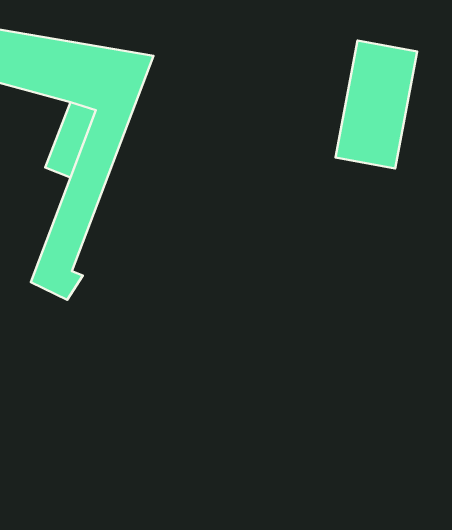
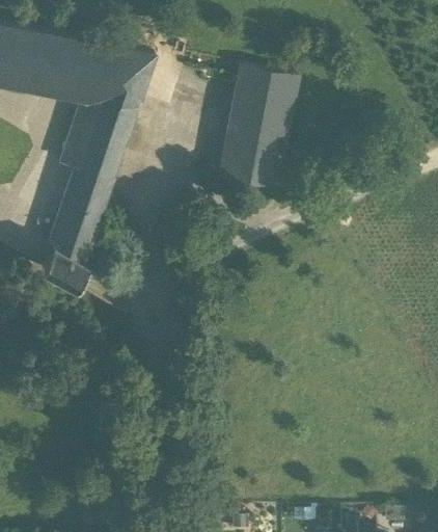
building: [335,41,417,169] -> [221,65,298,186]

